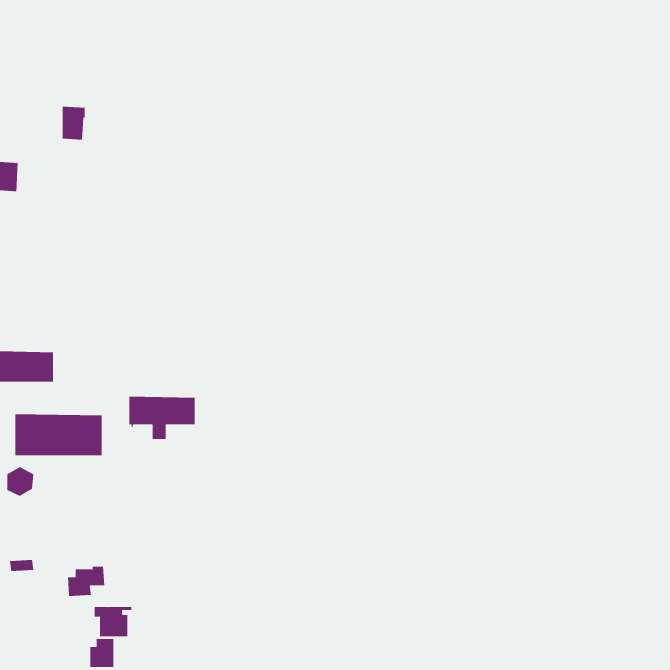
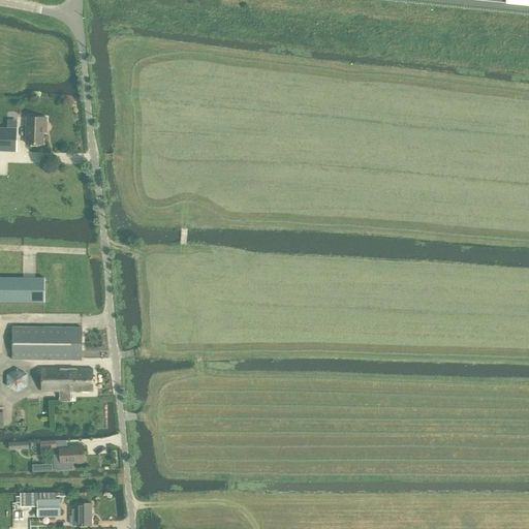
building: [62,106,86,140] -> [26,117,44,144]
building: [128,396,195,439] -> [39,367,92,401]
building: [94,607,132,637] -> [32,492,62,516]

